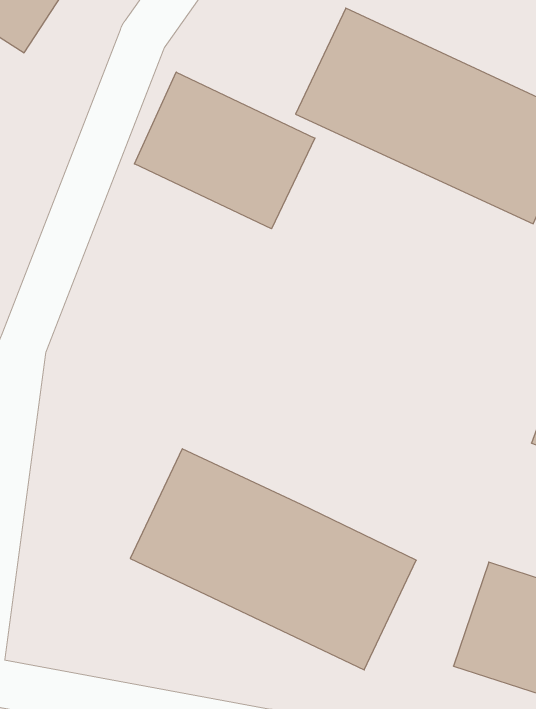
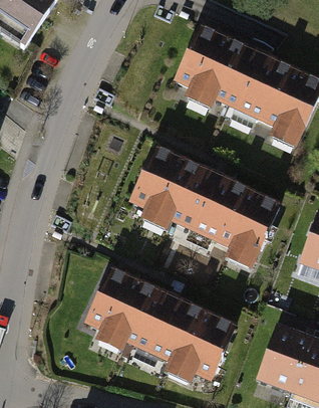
building: [134,72,315,229] -> none
building: none -> [129,146,282,259]

